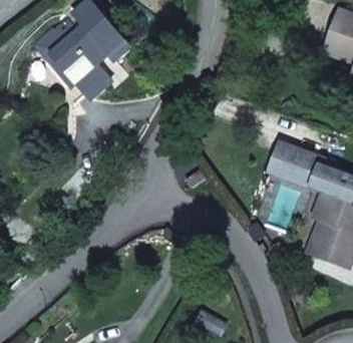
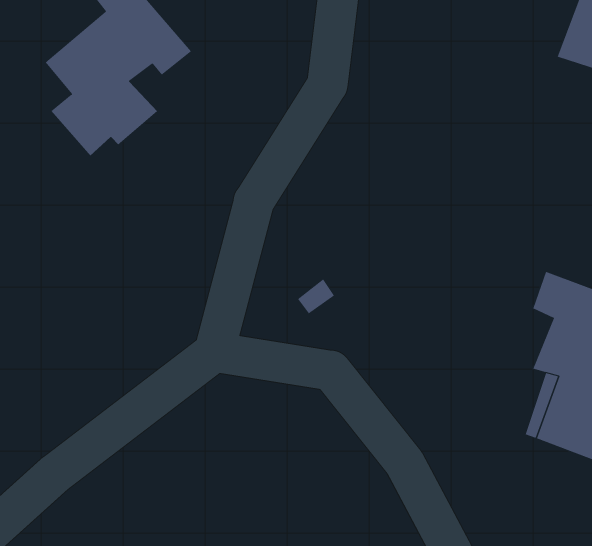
building: [268,142,320,185] -> none

